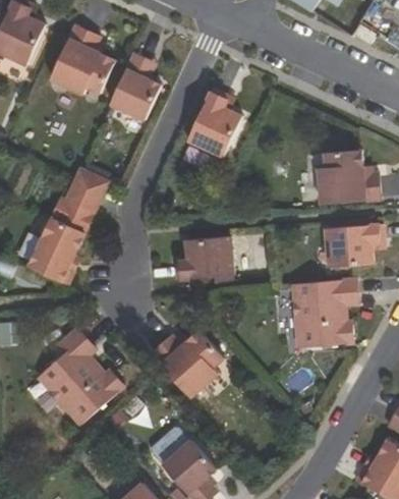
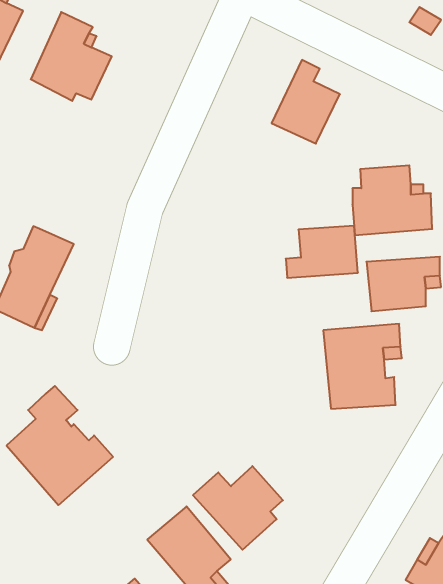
building: [107,52,156,117] -> none
building: [185,84,240,151] -> [272,60,340,144]
building: [62,167,105,213] -> none
building: [172,236,230,278] -> [286,226,358,278]
building: [148,328,220,395] -> [193,466,283,550]

